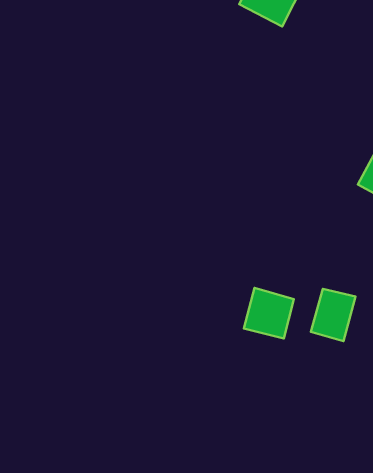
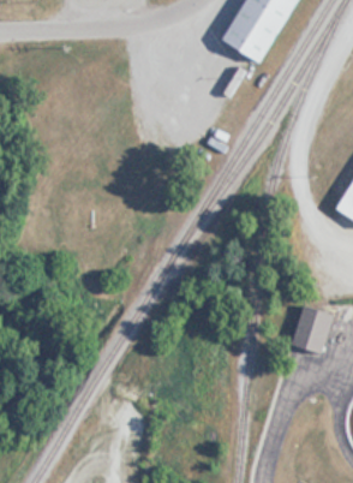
building: [244,288,294,339] -> none

